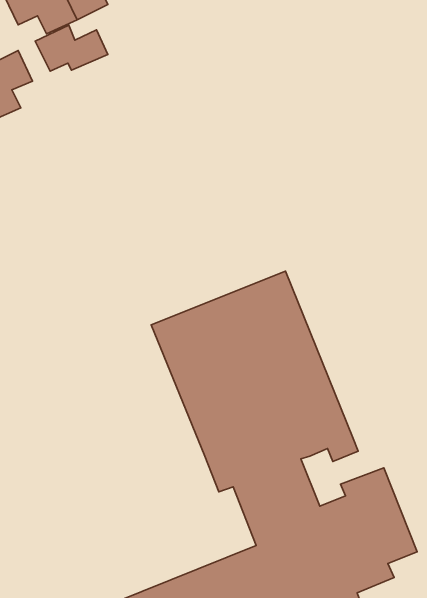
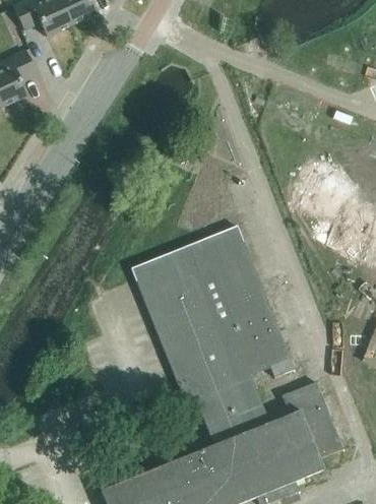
building: [35,25,108,71] -> none

